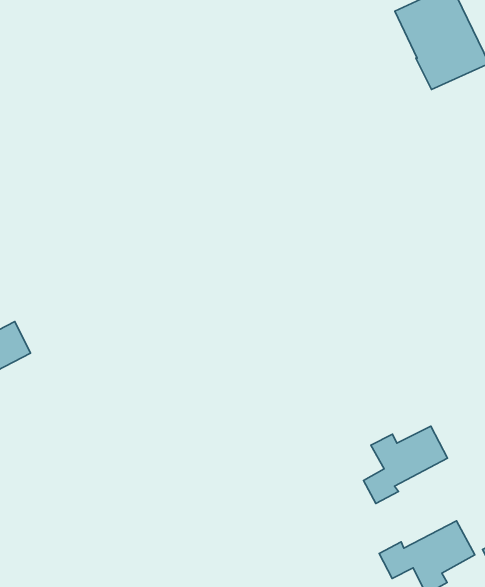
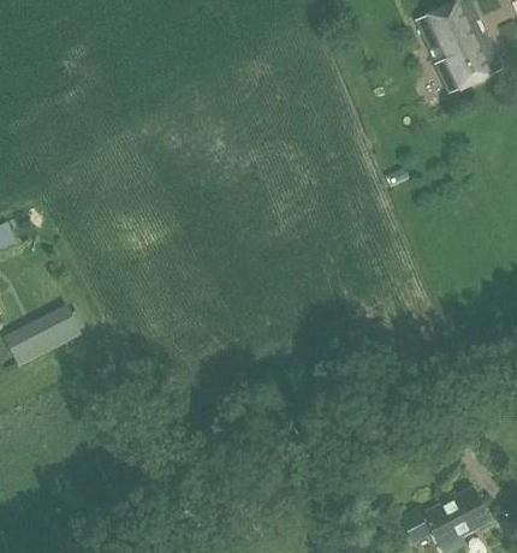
building: [364,426,447,504] -> none

